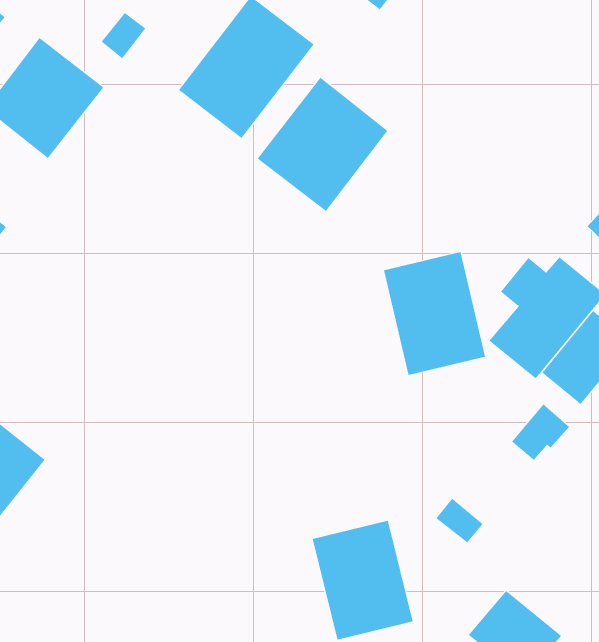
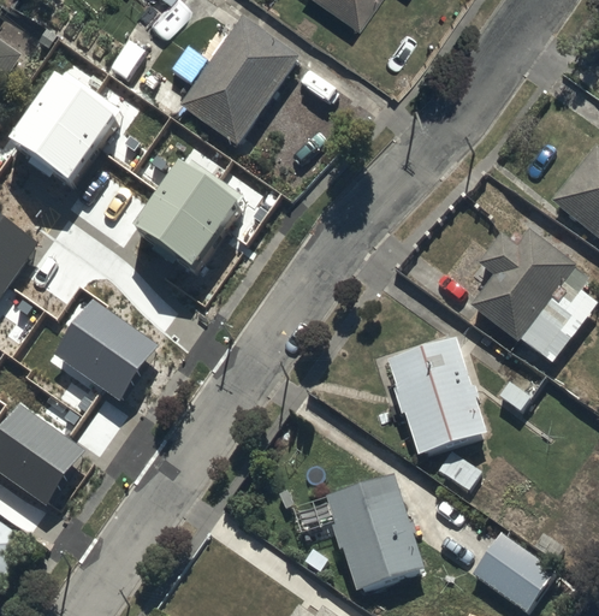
building: [257,77,388,212] -> none
building: none -> [129,158,236,266]
building: [383,251,486,375] -> [390,342,487,456]
building: none -> [52,297,155,398]

